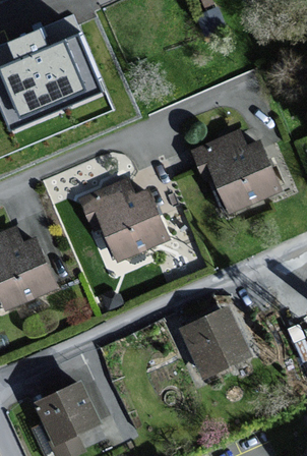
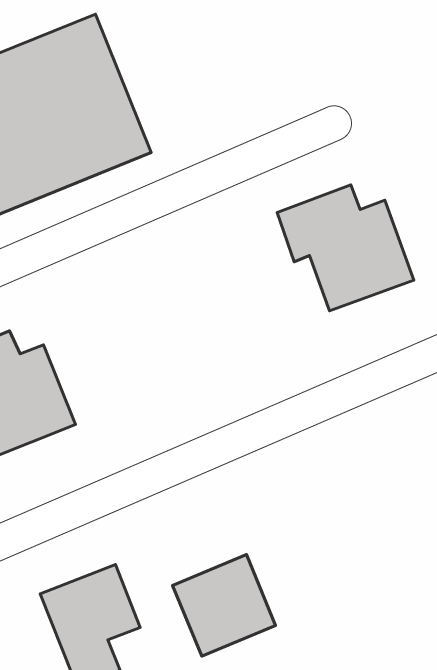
building: [77,176,168,261] -> none
building: [181,306,249,374] -> [173,555,276,656]

